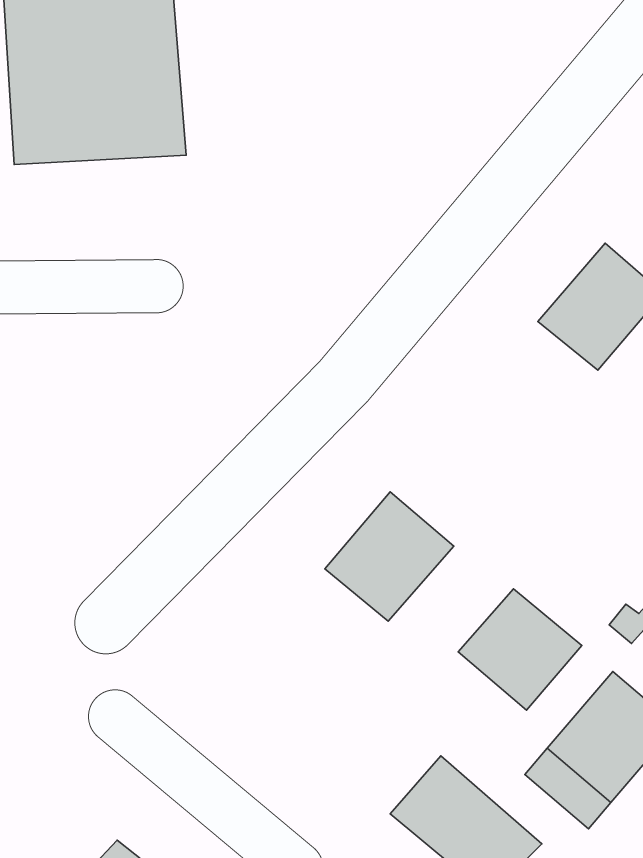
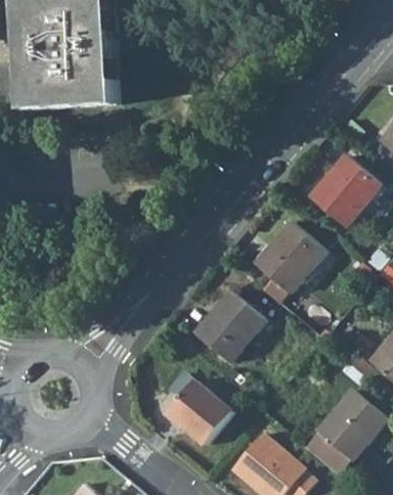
building: none -> [256,222,326,292]
building: [458,589,582,710] -> none
building: none -> [166,380,230,444]

